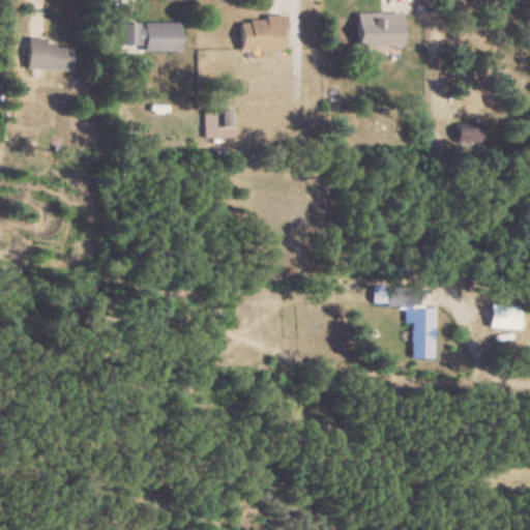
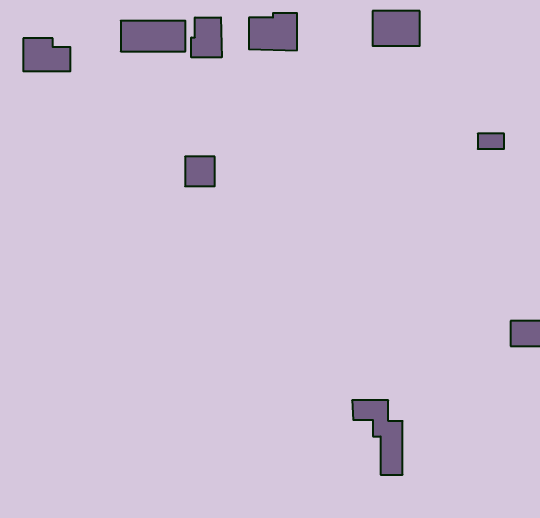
building: none -> [191,17,222,57]
building: [207,110,235,138] -> [185,157,215,186]
building: [387,289,435,359] -> [352,400,403,475]

